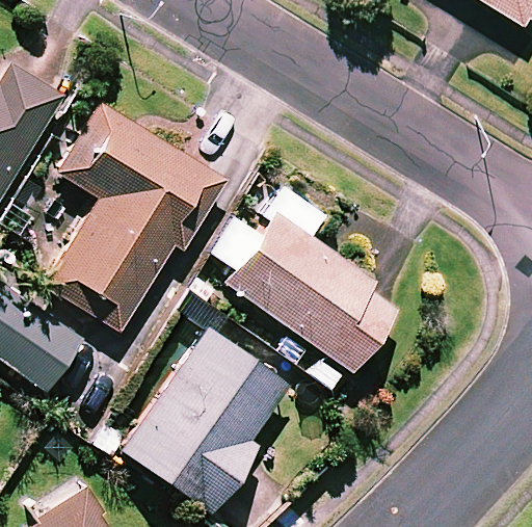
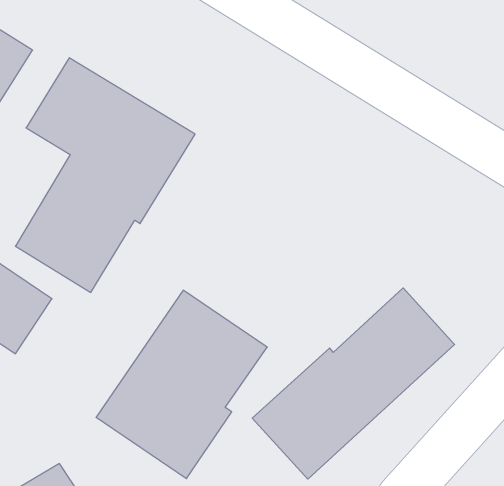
building: [213,192,399,393] -> none
building: none -> [252,288,455,479]

